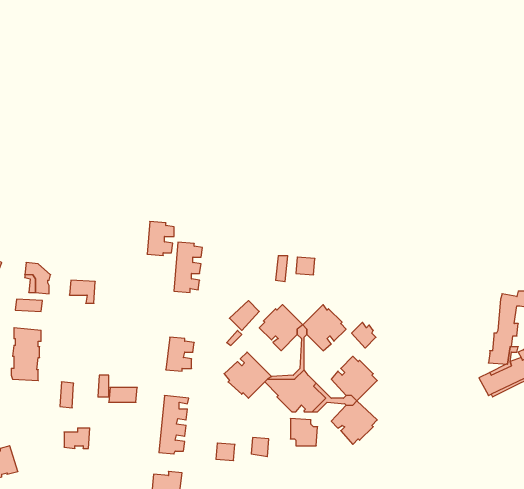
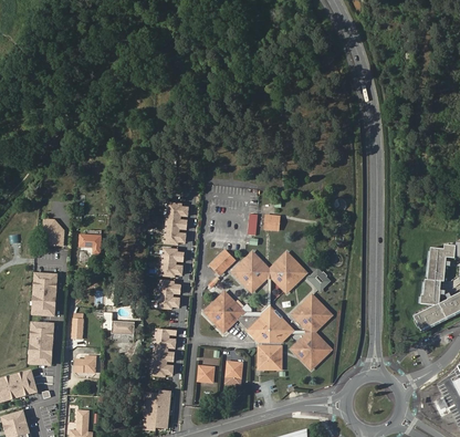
building: [147,222,174,255] -> [160,249,182,277]
building: none -> [28,323,52,365]

